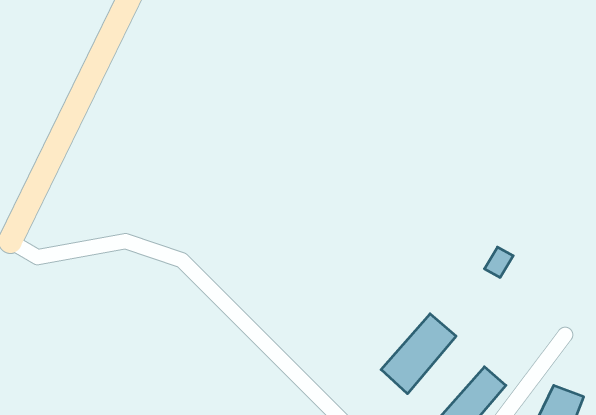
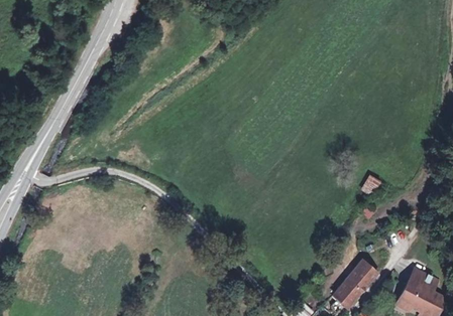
building: [381,314,456,394] -> none

